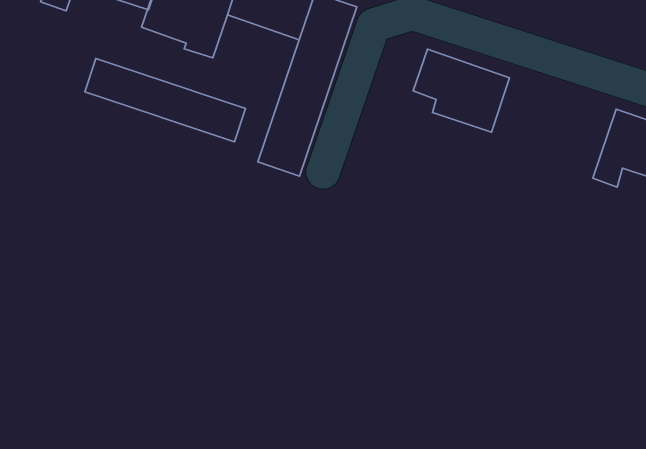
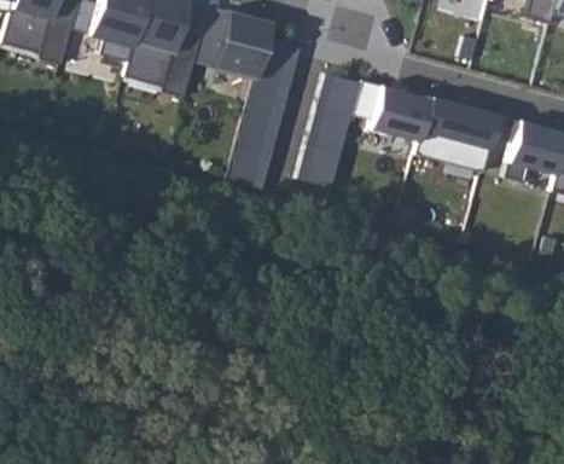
building: none -> [296,74,360,188]
building: [85,59,245,142] -> none
building: none -> [414,94,499,172]

